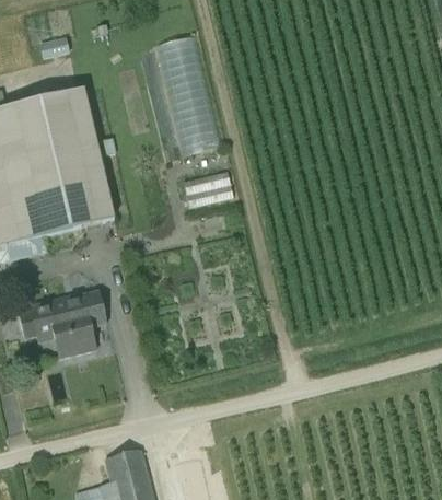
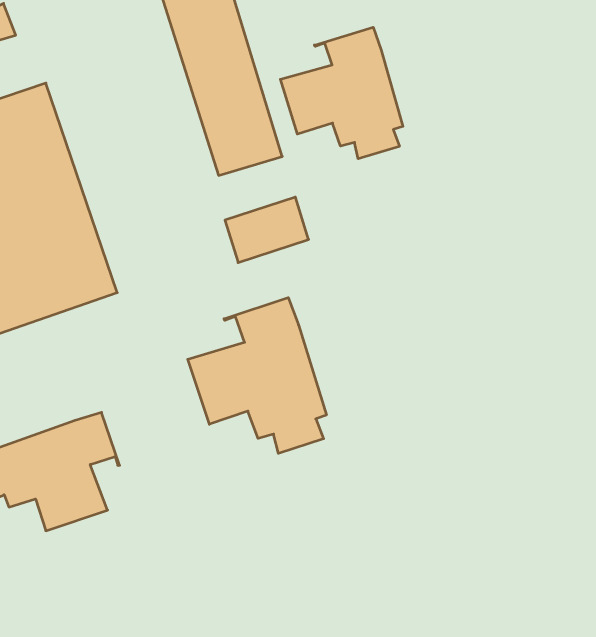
building: none -> [280,27,403,159]
building: none -> [188,298,326,453]

